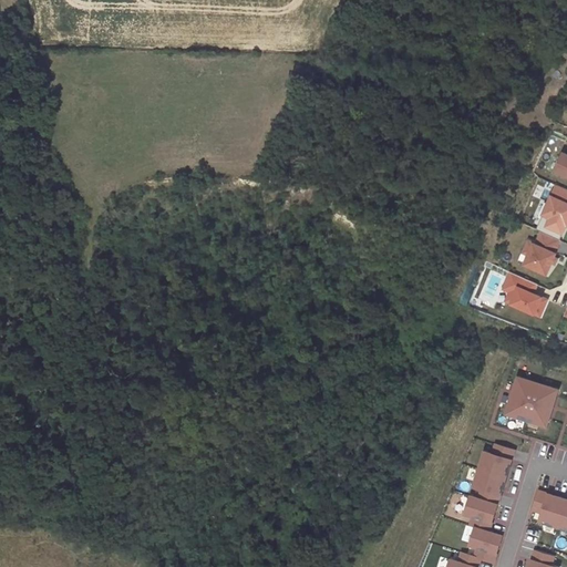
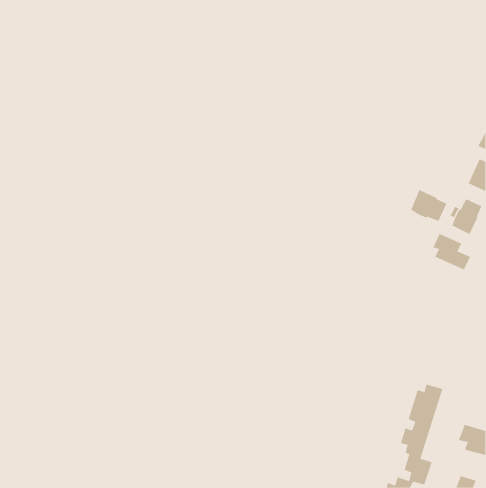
building: none -> [410,189,447,222]
building: [505,378,557,426] -> none

